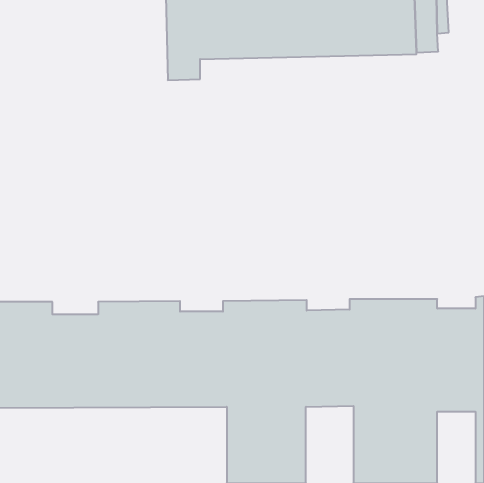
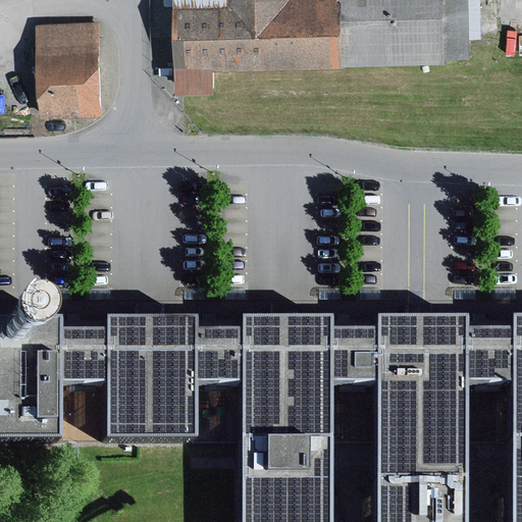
building: none -> [36,19,102,114]

